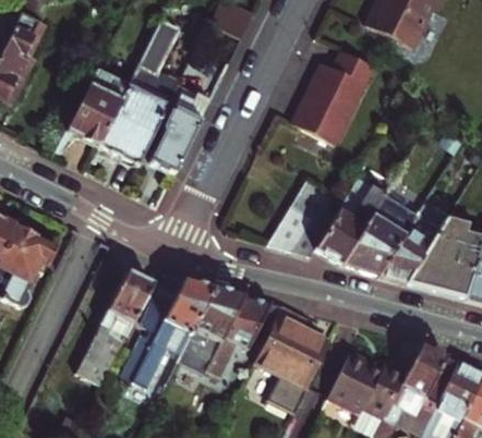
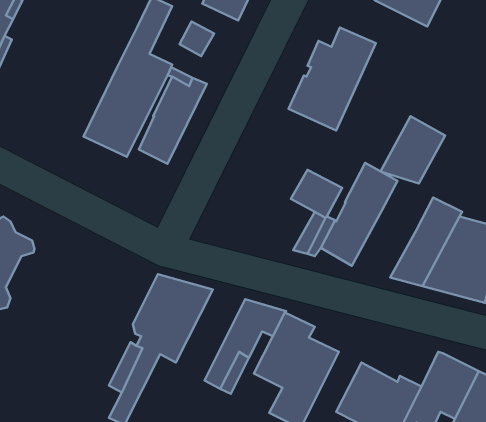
building: [69,69,132,147] -> none
building: [267,204,312,251] -> none
building: [346,215,405,276] -> [381,116,445,183]
building: [77,269,156,385] -> none
building: [181,287,249,374] -> none

